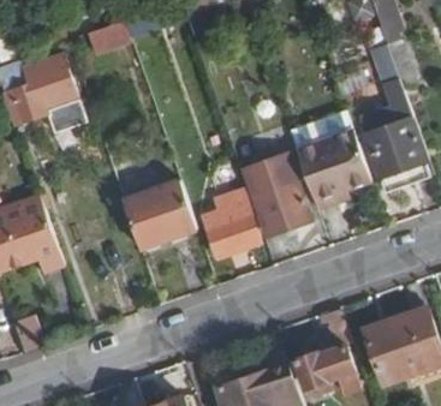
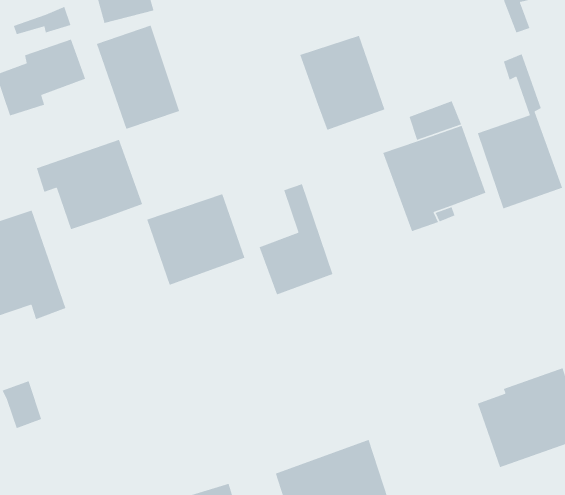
building: none -> [96,24,180,130]
building: none -> [36,139,143,230]
building: [246,167,310,238] -> [299,35,386,131]
building: [296,308,356,389] -> none

